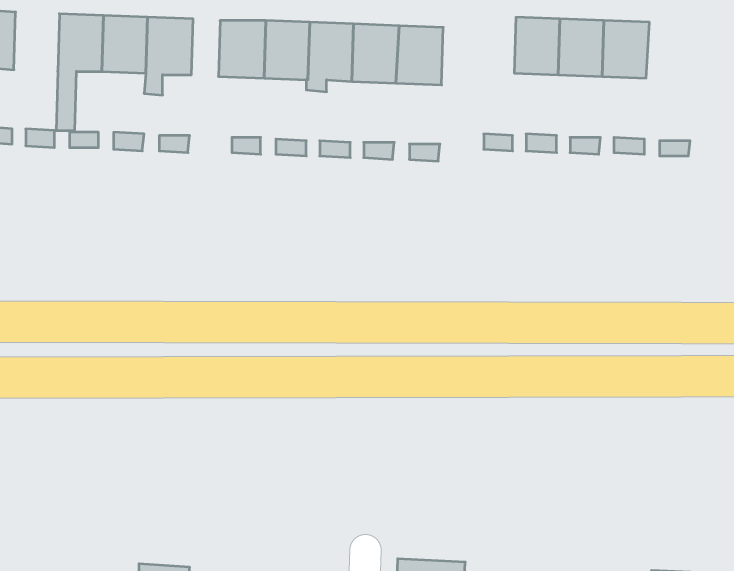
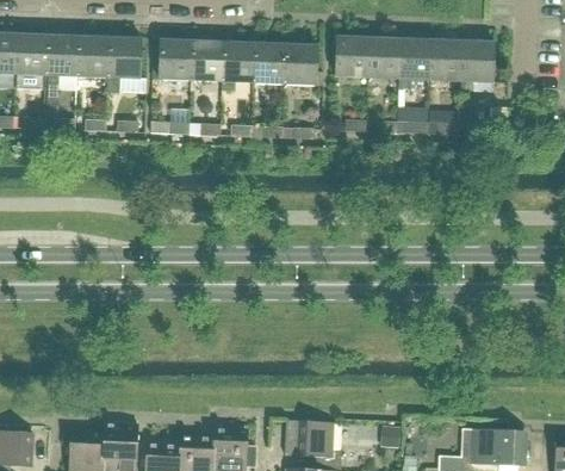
building: none -> [14,33,46,75]
building: none -> [335,36,368,76]
building: none -> [460,41,493,81]

